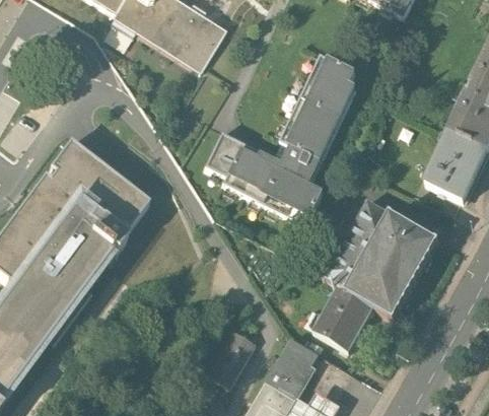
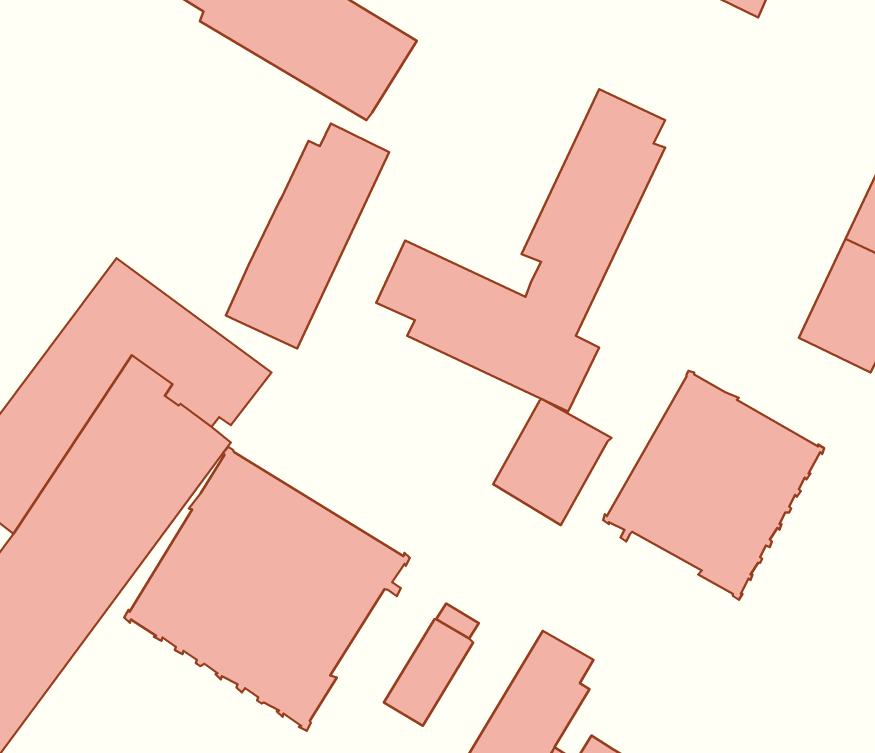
building: none -> [226,124,389,348]
building: none -> [124,447,410,731]
building: [312,284,374,350] -> [493,399,611,525]

